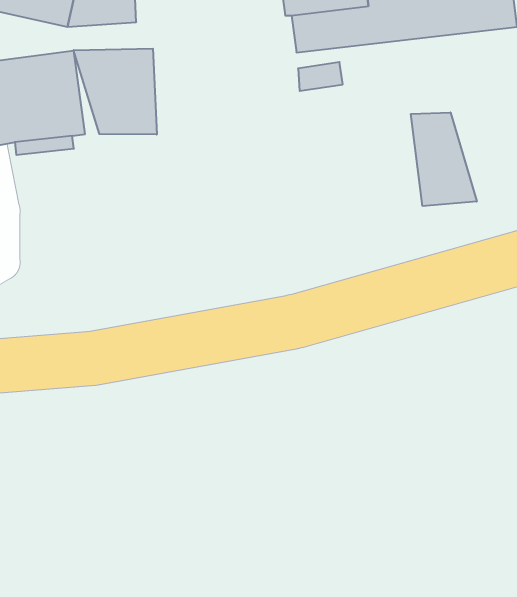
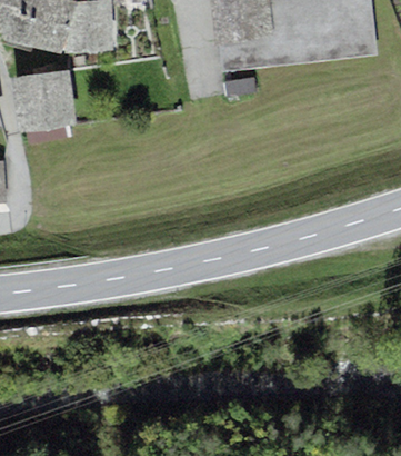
building: [74,49,157,135] -> none
building: [411,112,477,206] -> none

